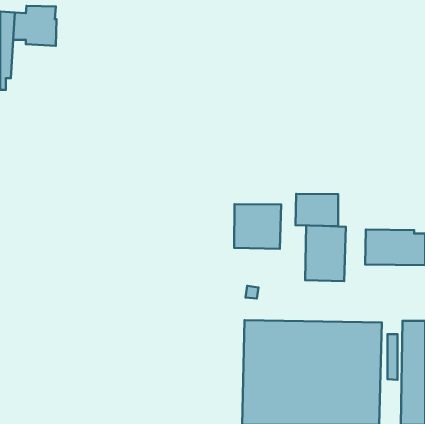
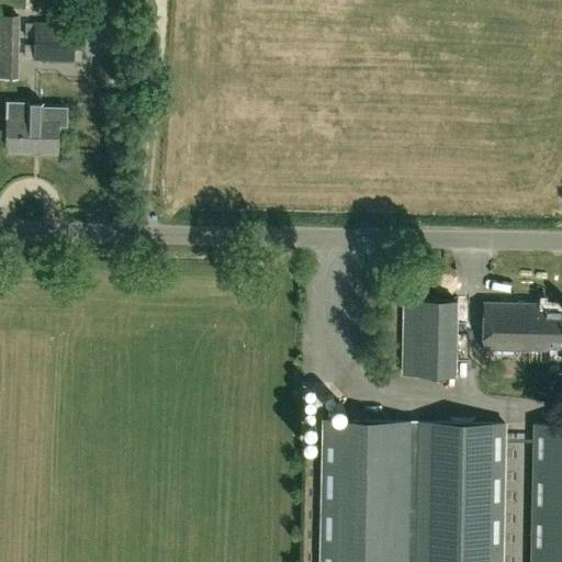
building: none -> [7,104,59,154]
building: [295,194,338,226] -> none
building: [234,204,281,249] -> none

